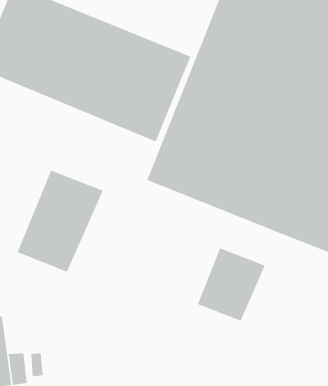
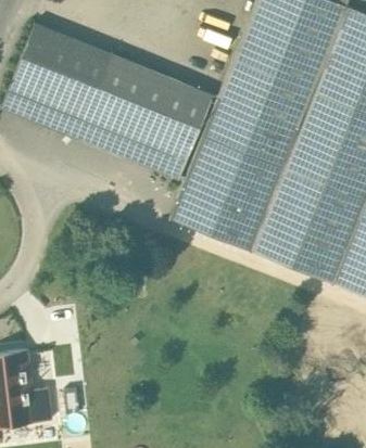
building: [17,170,103,272] -> none
building: [197,248,266,321] -> none

